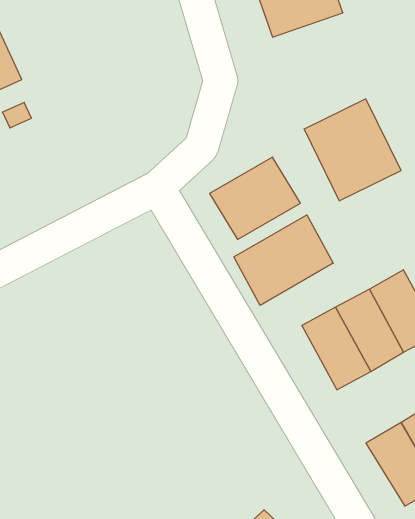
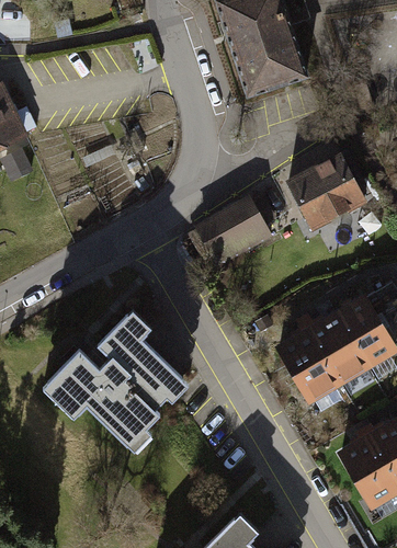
building: [234,215,333,305] -> none
building: none -> [38,318,188,463]

